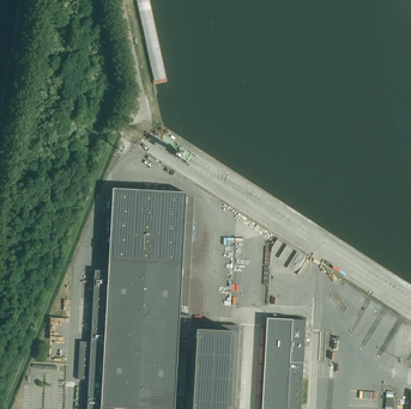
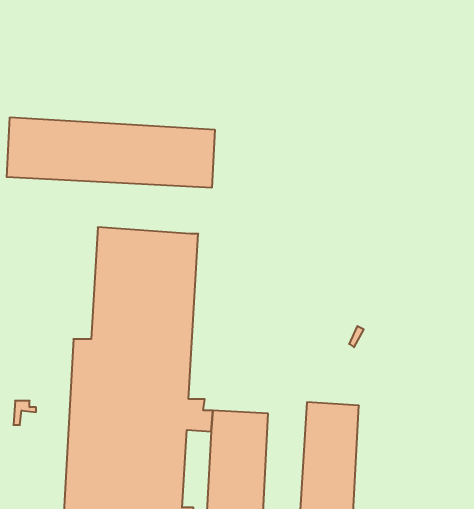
building: none -> [7,117,215,188]

